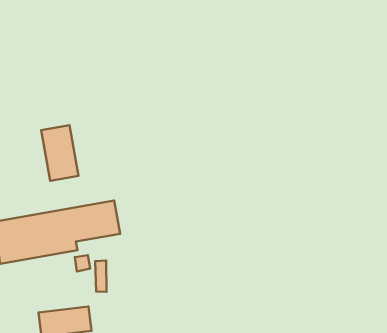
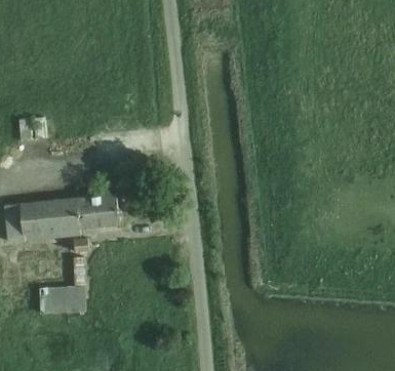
building: [41,125,78,181] -> none

